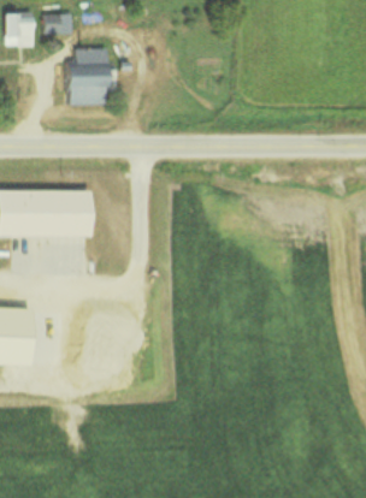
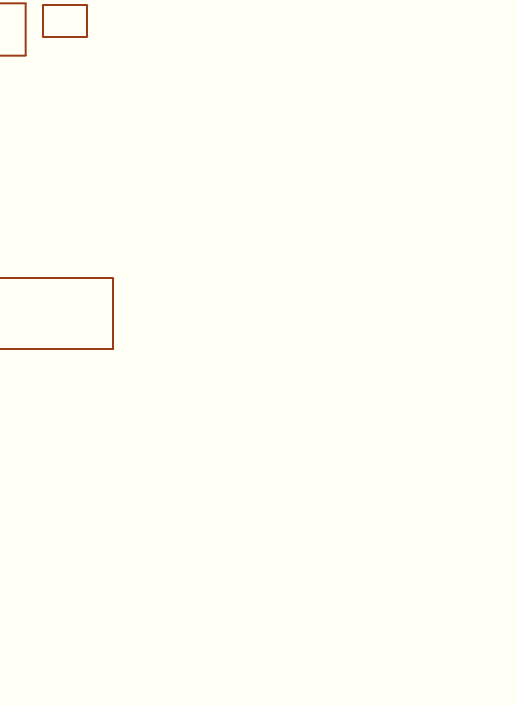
building: [66,48,107,105] -> none

